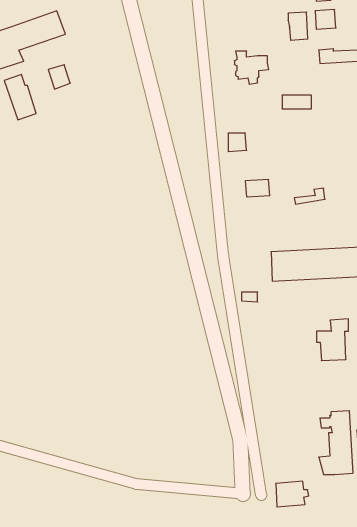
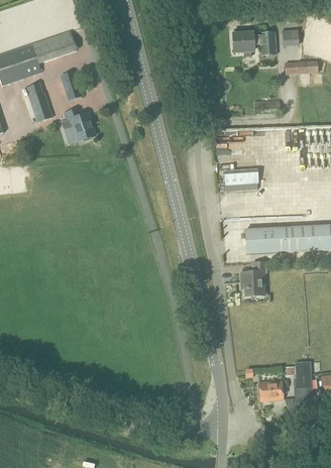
building: [234,51,269,84] -> [233,28,261,55]
building: none -> [62,107,96,143]
building: [317,319,348,361] -> [241,261,267,296]
building: [276,481,309,507] -> [259,379,287,400]

